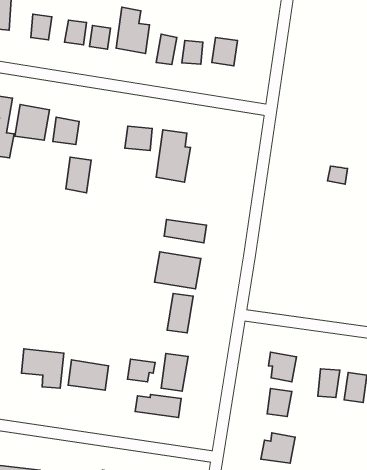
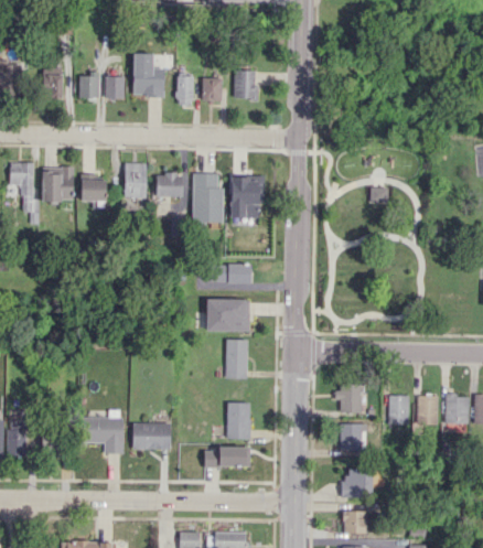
building: none -> [230,176,264,218]
building: [66,157,91,193] -> [125,163,147,197]
building: [128,359,155,382] -> none

